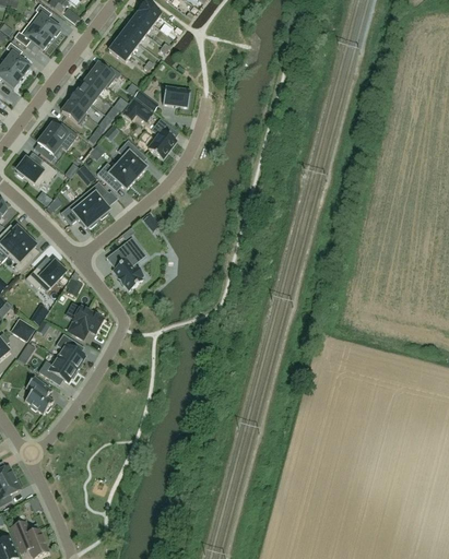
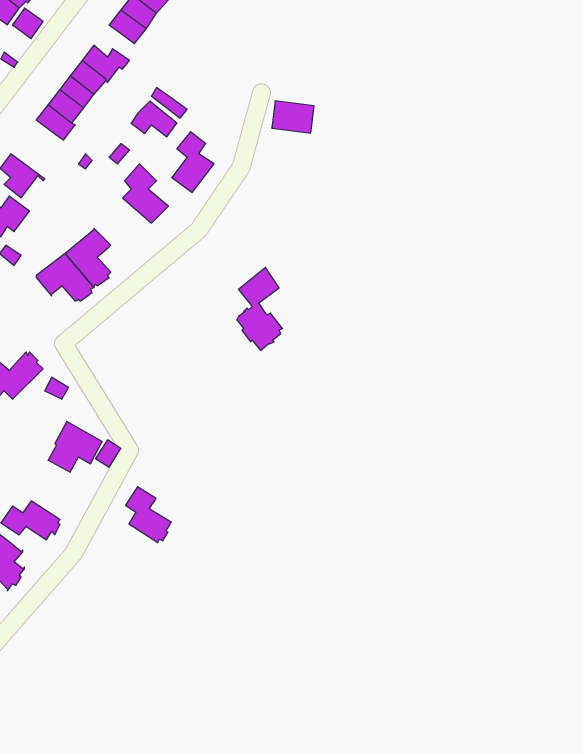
building: [163,86,190,107] -> [272,101,314,133]
building: [45,122,78,150] -> none
building: [97,162,135,190] -> none
building: [114,237,143,290] -> [237,267,283,350]
building: [56,333,85,369] -> [126,487,171,543]

